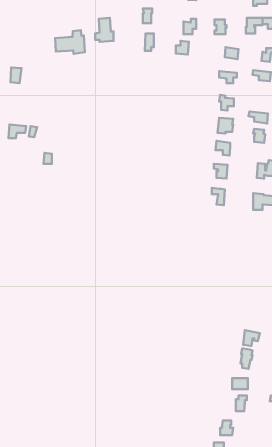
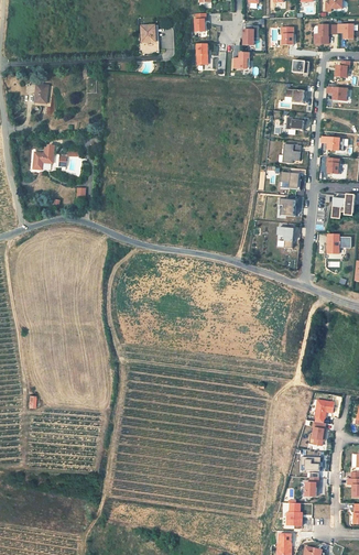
building: [55,30,85,54] -> none

